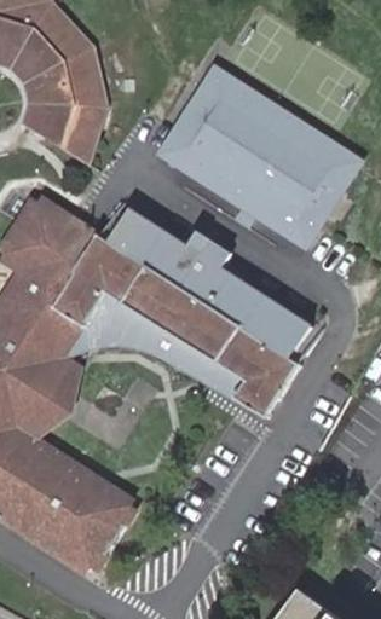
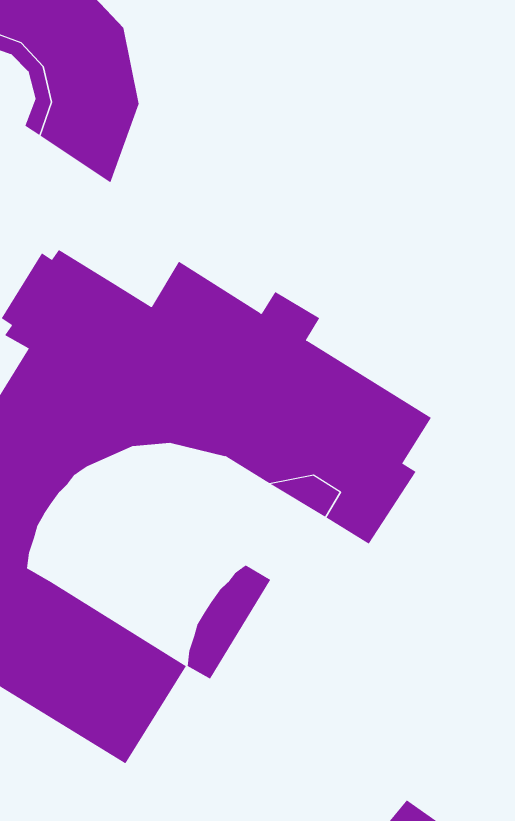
building: [162,71,362,245] -> none
building: [22,358,82,440] -> [187,565,271,680]

